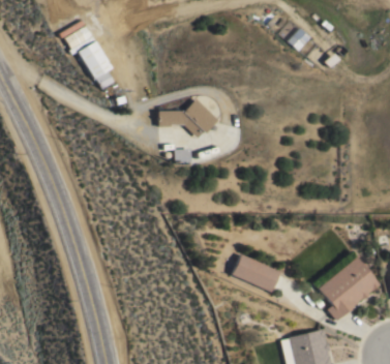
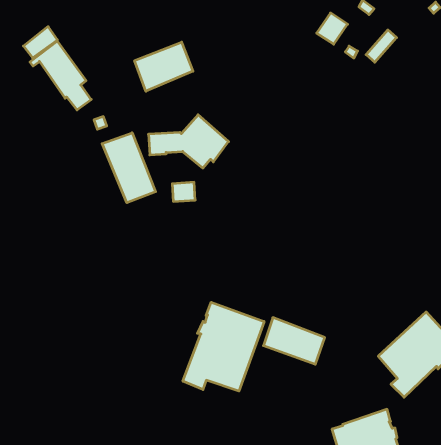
building: none -> [135,42,193,91]
building: none -> [102,133,156,203]
building: none -> [183,302,264,391]

